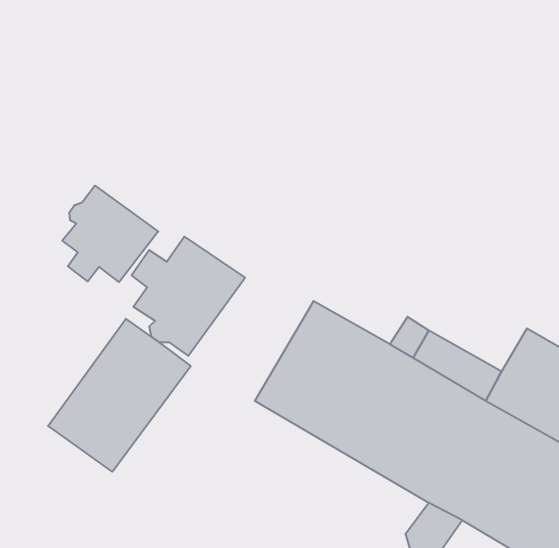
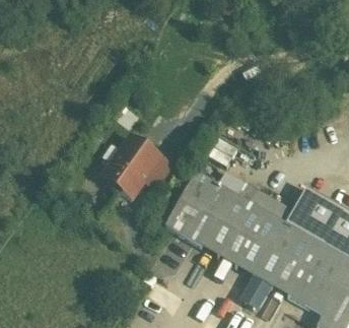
building: [62,186,158,282] -> none
building: [48,319,191,472] -> none

